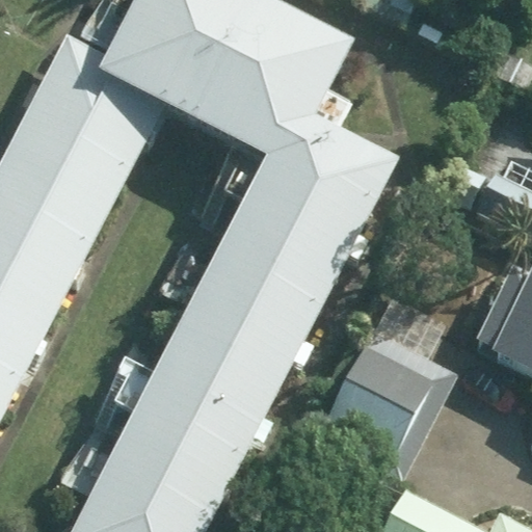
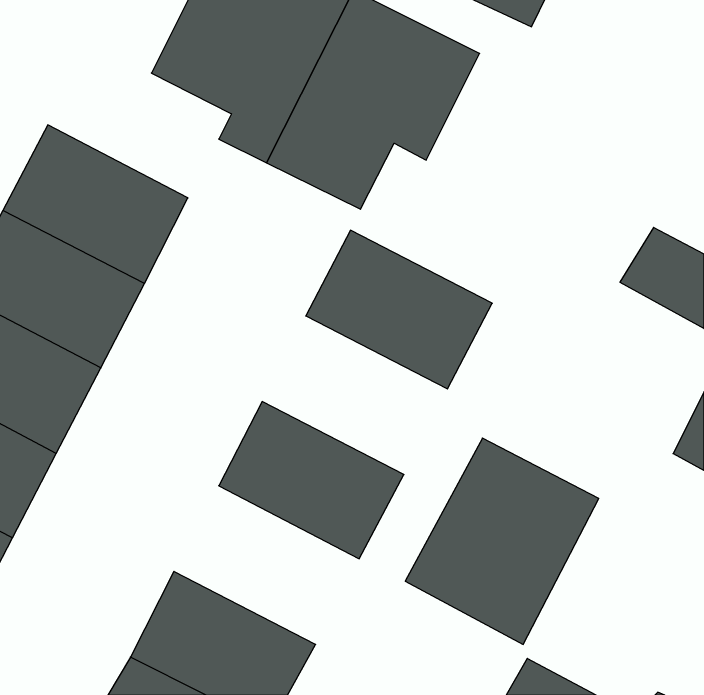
building: [35,30,171,147] -> none
building: [260,106,397,224] -> none
building: [194,234,331,351] -> none
building: [129,360,266,477] -> none

